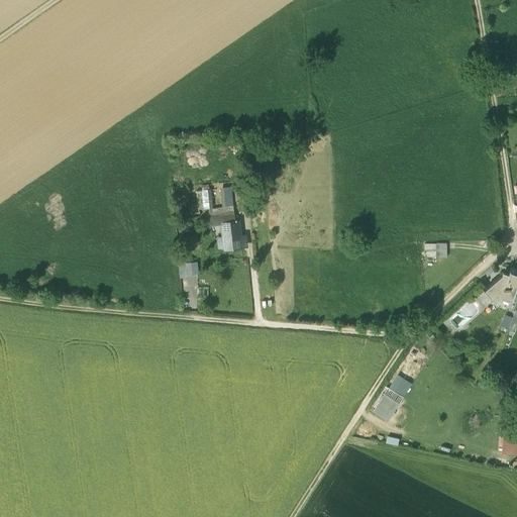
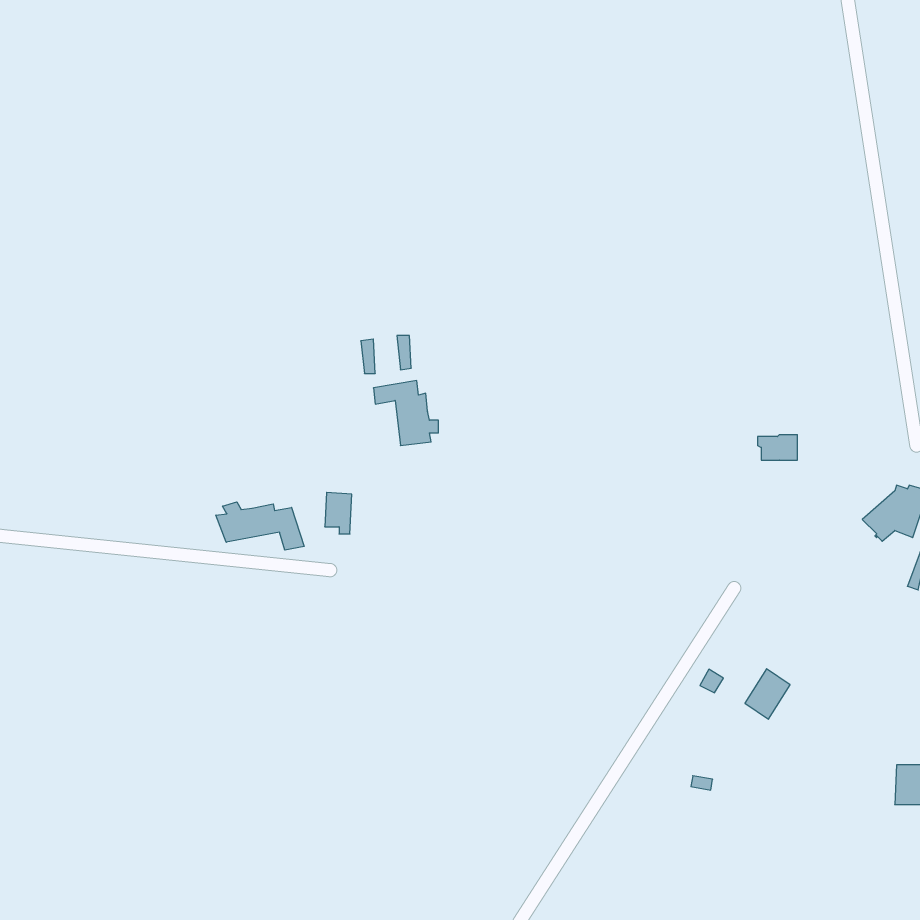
building: none -> [216,502,304,550]
building: [374,394,399,422] -> [745,669,790,719]

